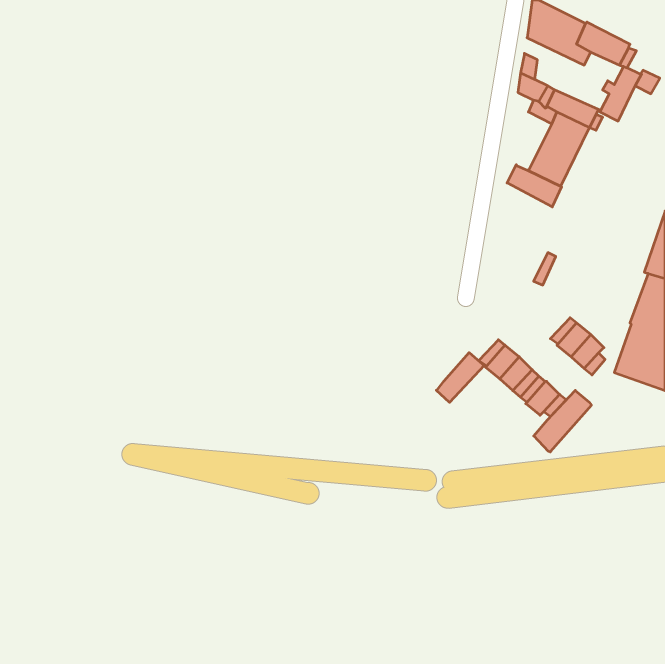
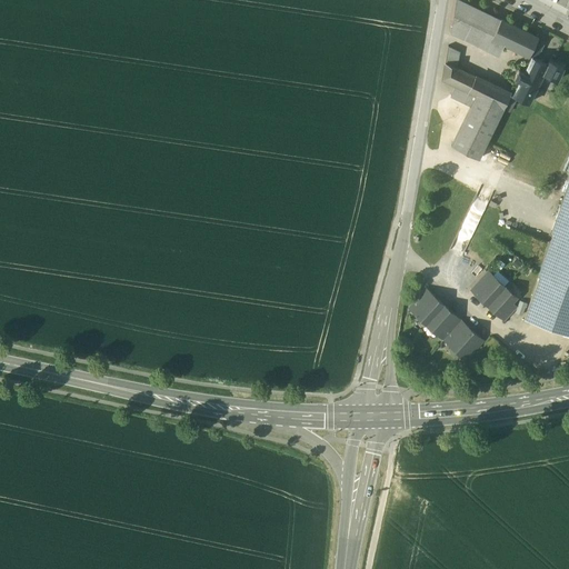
building: [507,165,562,207] -> none
building: [436,353,484,402] -> none
building: [534,390,591,452] -> none

